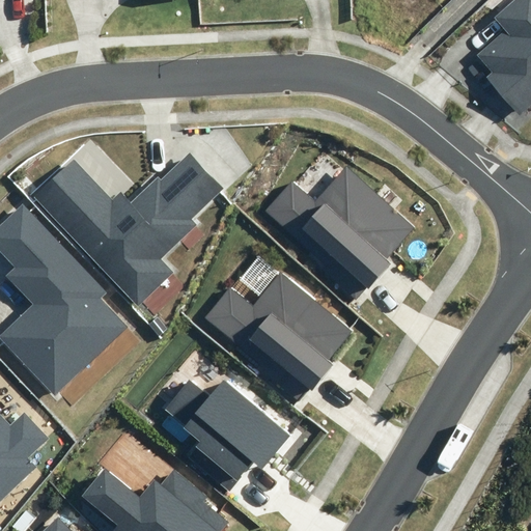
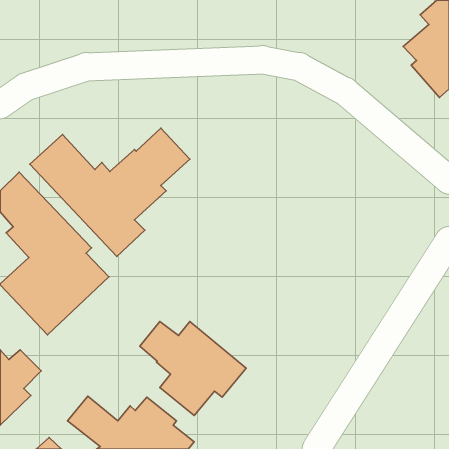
building: [264,163,416,296] -> none
building: [204,273,352,395] -> none

